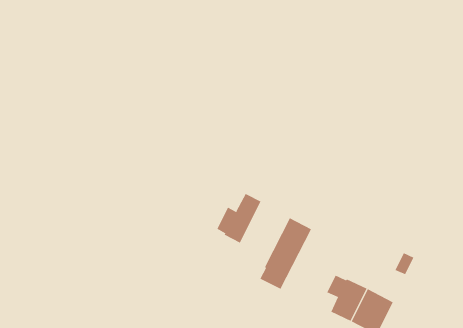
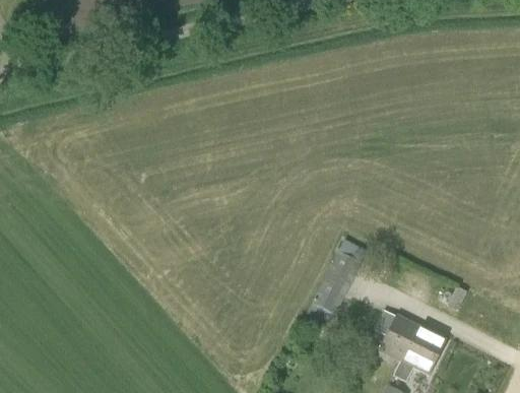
building: [216,193,261,244] -> none

